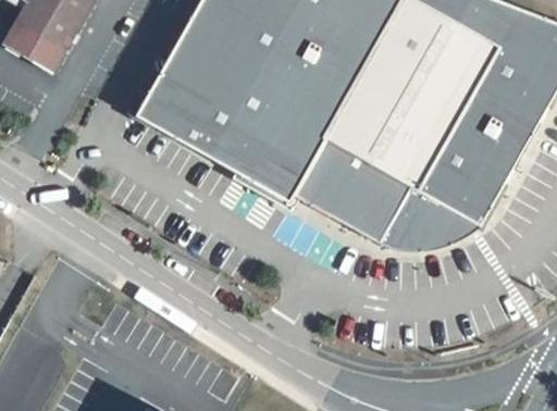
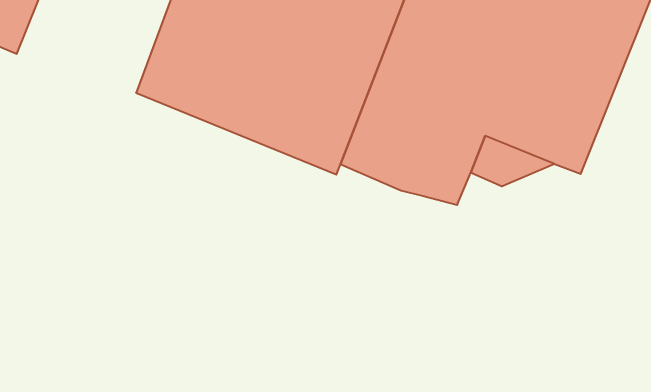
building: [352,215,479,252] -> none

